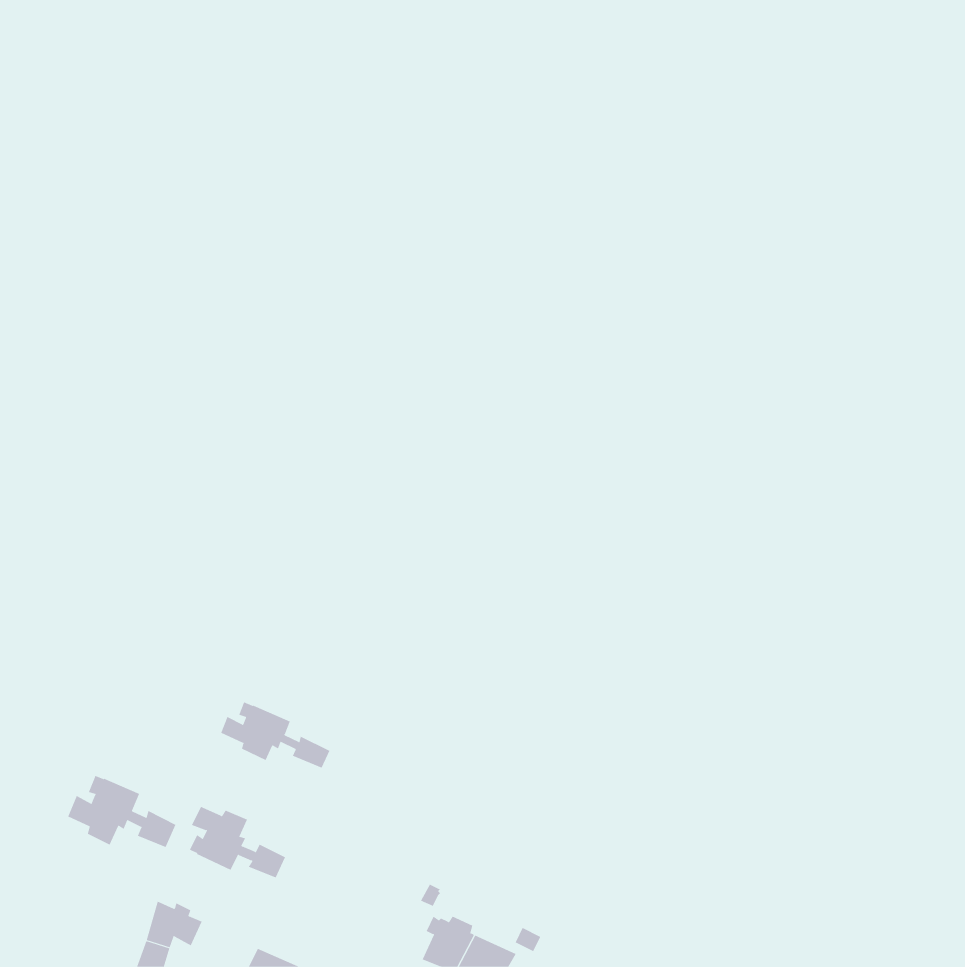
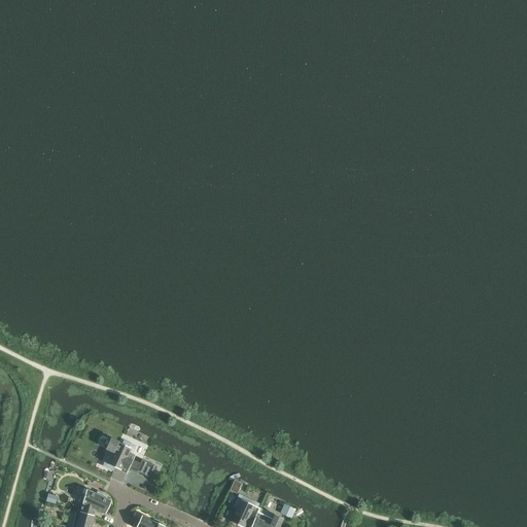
building: [220,702,330,769] -> none
building: [68,775,176,848] -> none

